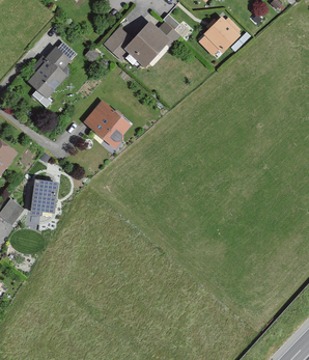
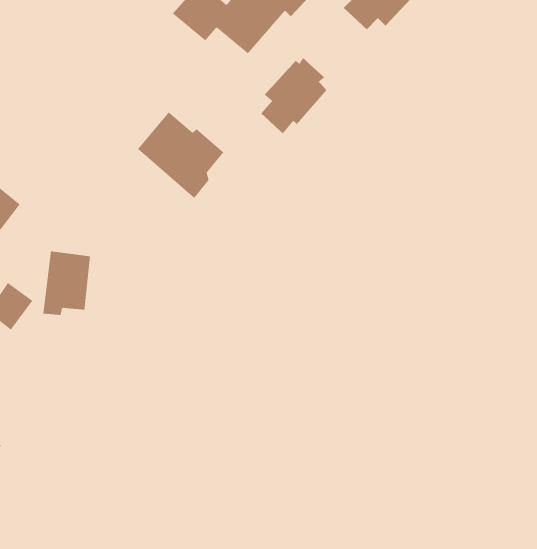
building: [26,46,69,107] -> none
building: none -> [261,57,327,134]

